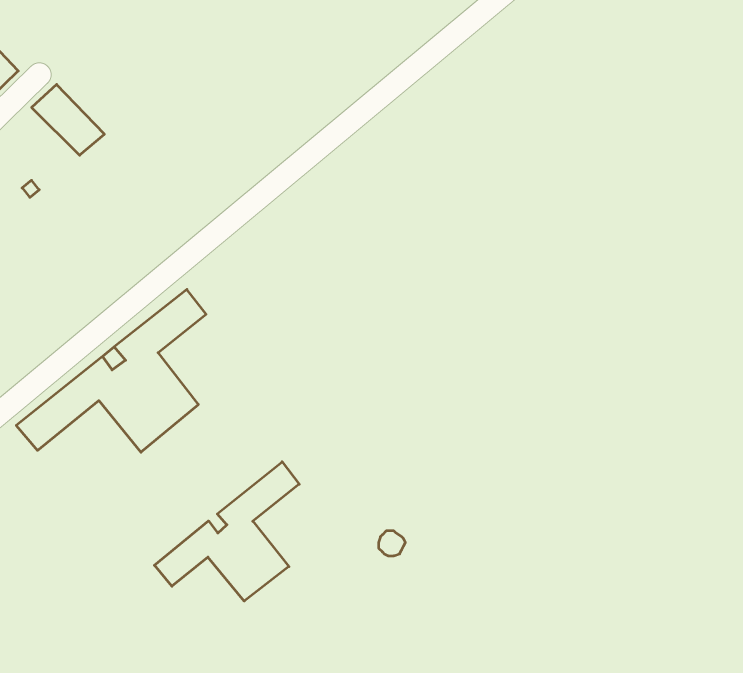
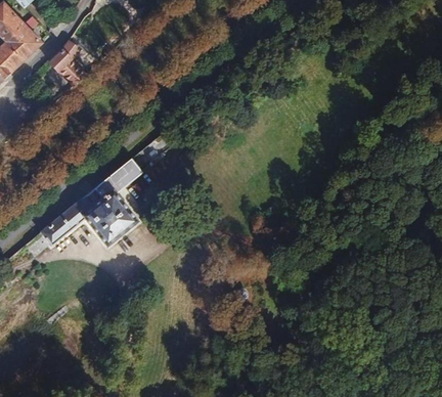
building: [154,462,299,601] -> none

